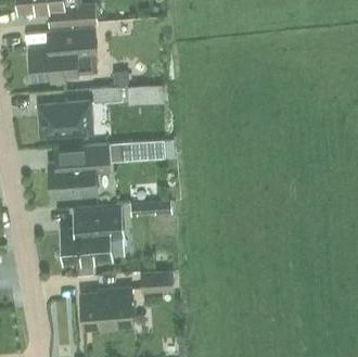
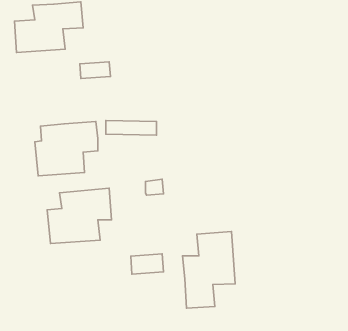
building: [39,102,91,137] -> none
building: none -> [183,232,235,308]
building: [80,289,133,329] -> none

